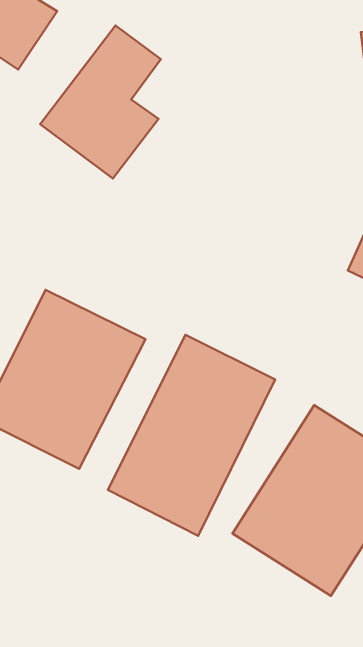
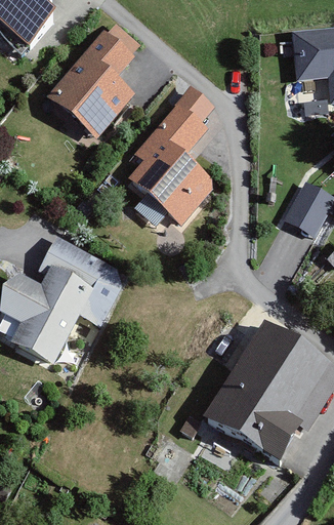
building: none -> [126,82,221,226]
building: [108,335,275,536] -> none

